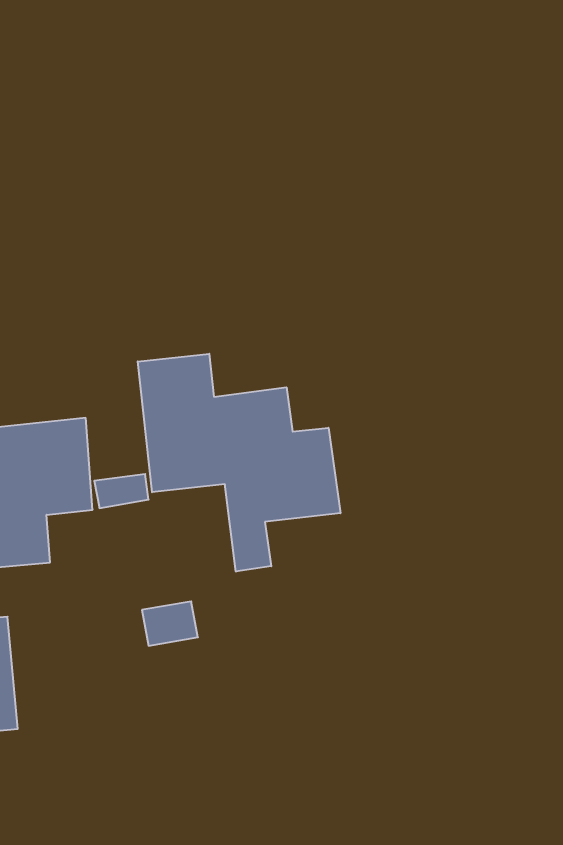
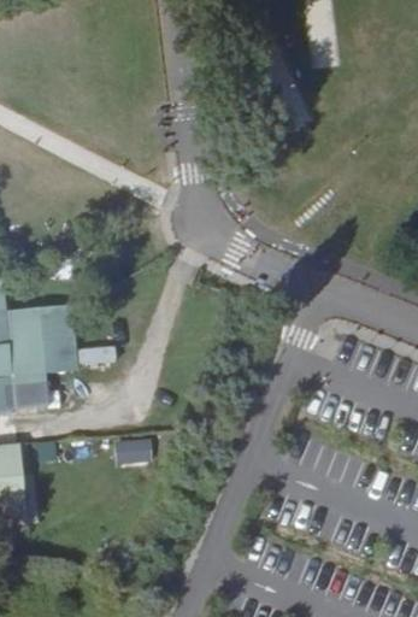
building: [138,354,340,572] -> none

